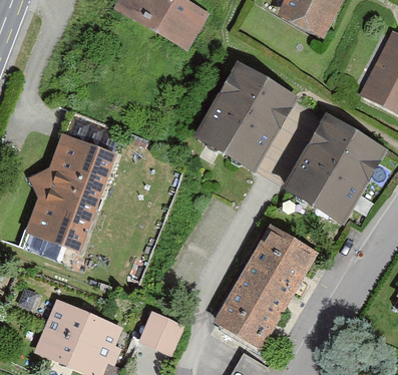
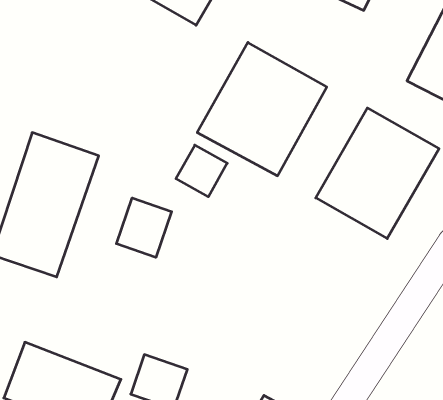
building: none -> [176,145,227,197]
building: none -> [116,198,172,257]
building: [217,224,318,347] -> none

